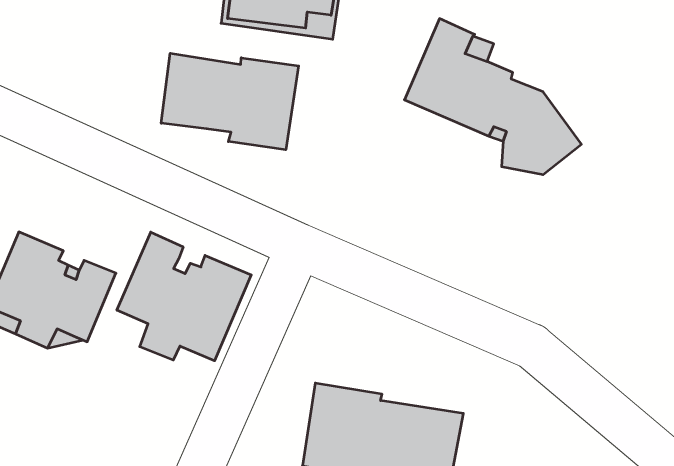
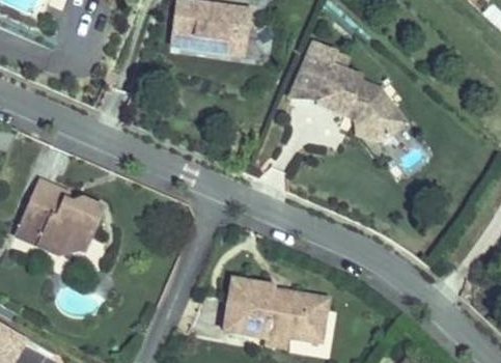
building: [161,53,299,150] -> none
building: [117,232,251,361] -> none

